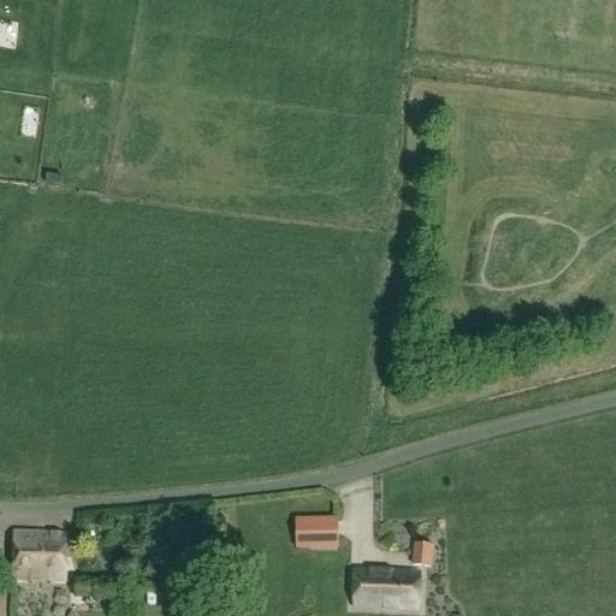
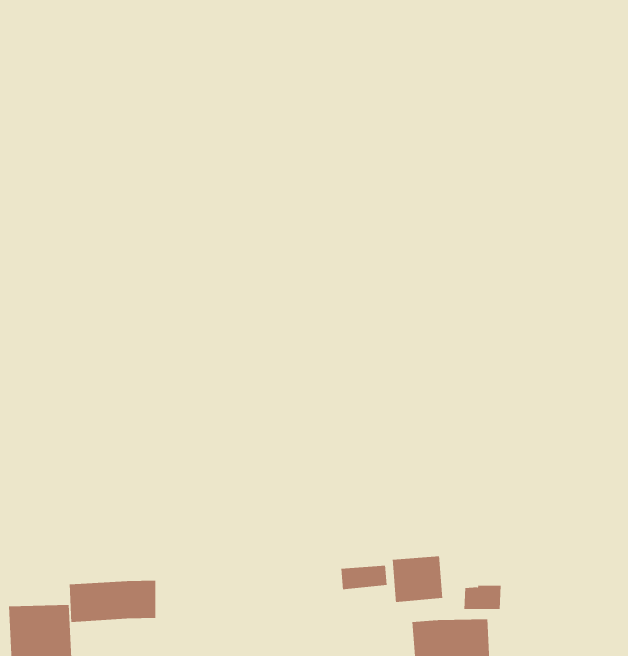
building: none -> [392,556,443,603]
building: none -> [69,580,156,623]

